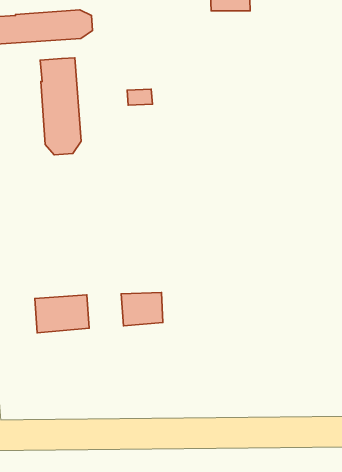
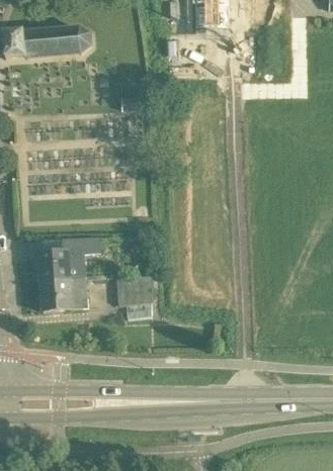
building: [40,58,81,155] -> none
building: none -> [37,238,89,280]

